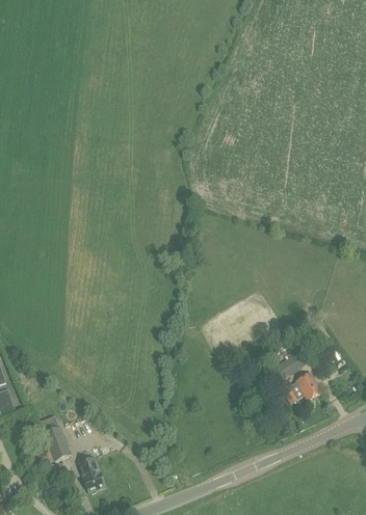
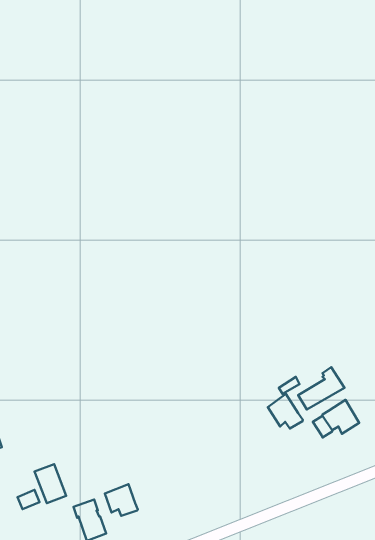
building: none -> [268,394,303,429]
building: none -> [105,484,138,516]

